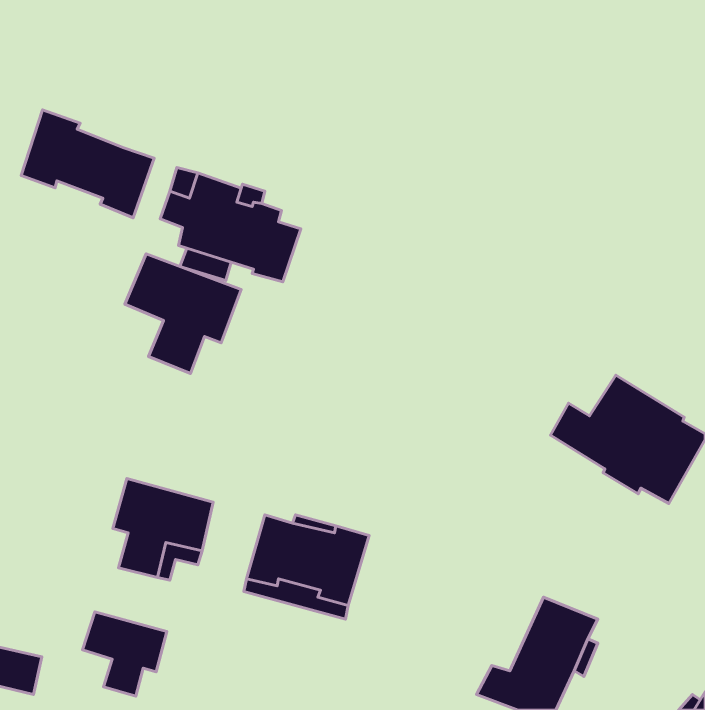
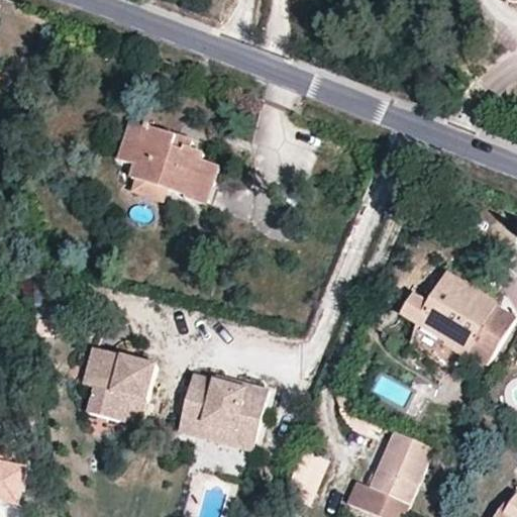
building: [21,110,154,218] -> none
building: [125,254,241,374] -> none
building: [83,612,167,696] -> none

